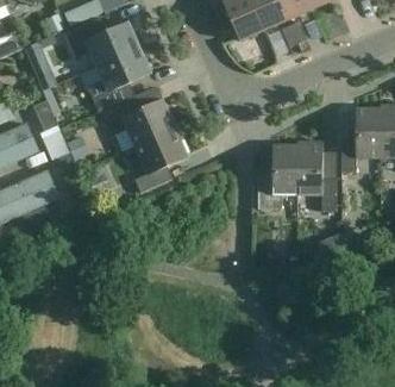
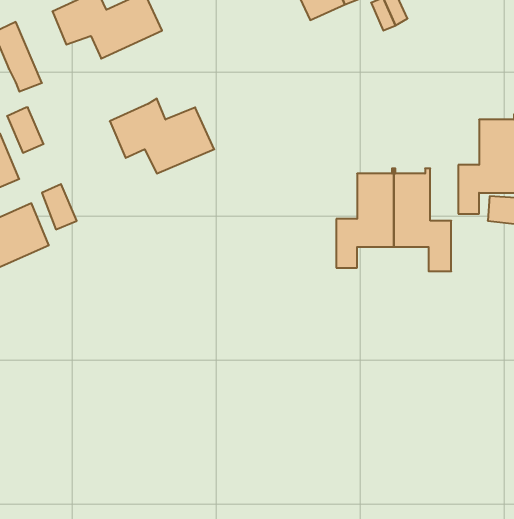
building: [87,46,150,111] -> none
building: [134,127,187,192] -> none

